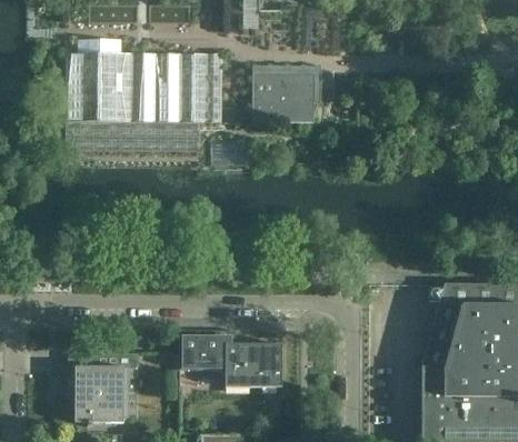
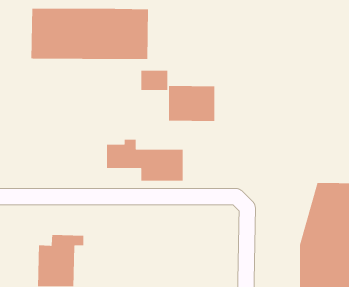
building: [252,73,315,122] -> [168,85,215,122]
building: [67,120,200,151] -> none
building: [180,330,282,386] -> [106,139,183,181]

